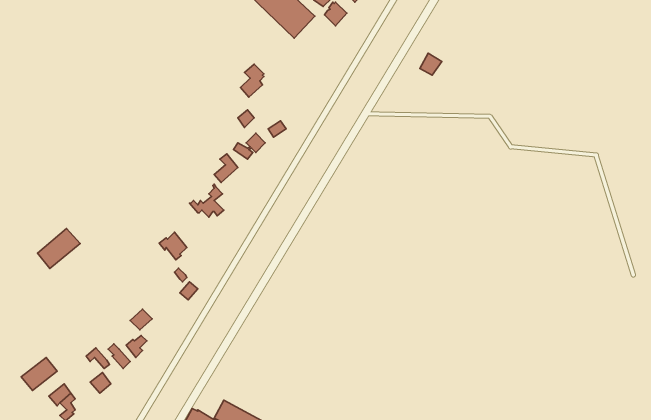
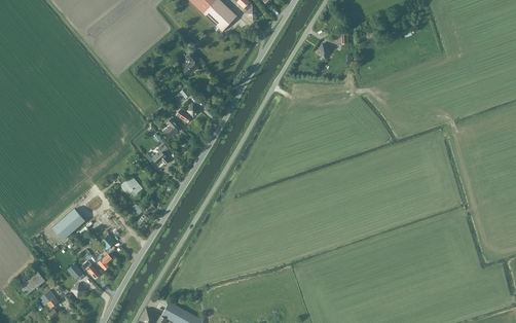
building: [38,229,80,268] -> [53,209,85,239]

